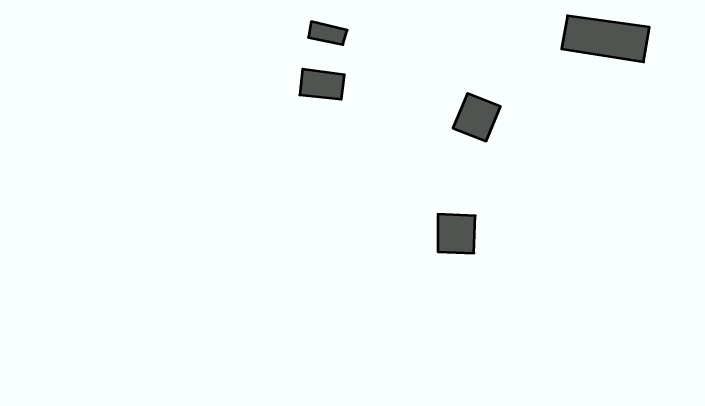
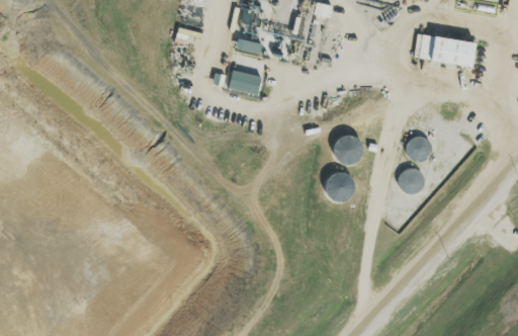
building: [453,94,500,141] -> [331,132,364,165]
building: none -> [403,133,434,163]
building: none -> [399,168,424,192]

